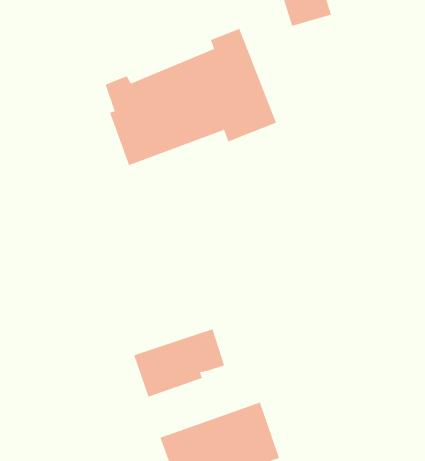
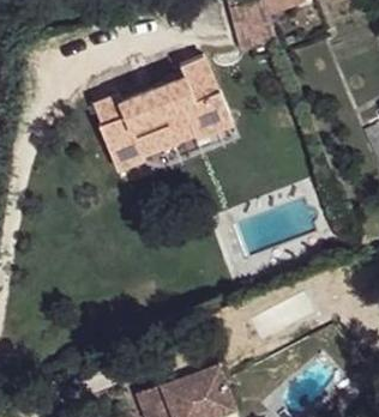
building: [133,328,225,397] -> none

